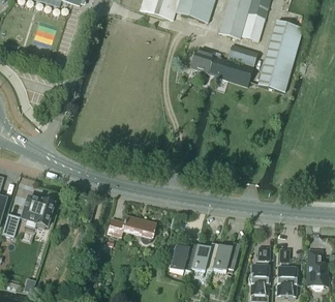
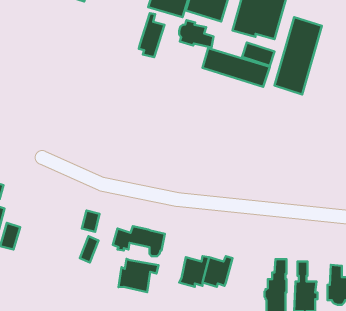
building: none -> [139,13,165,57]
building: none -> [179,20,214,48]
building: [21,197,53,228] -> none
building: [211,243,240,273] -> none
building: none -> [118,259,158,292]

